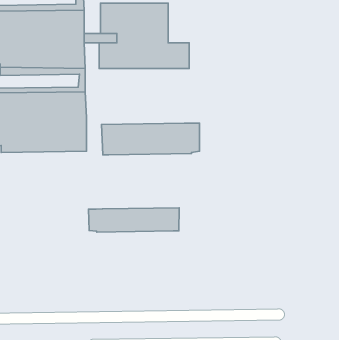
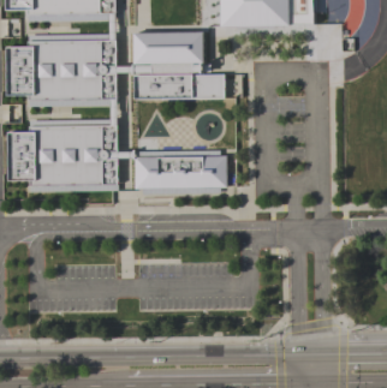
building: [88,208,179,232] -> none

